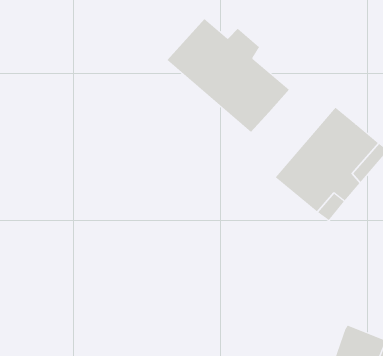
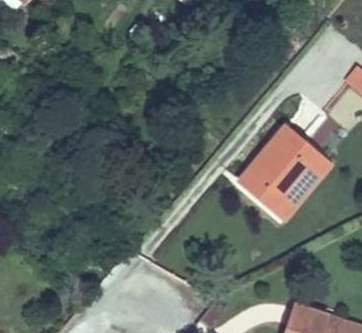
building: [166,18,290,133] -> none

